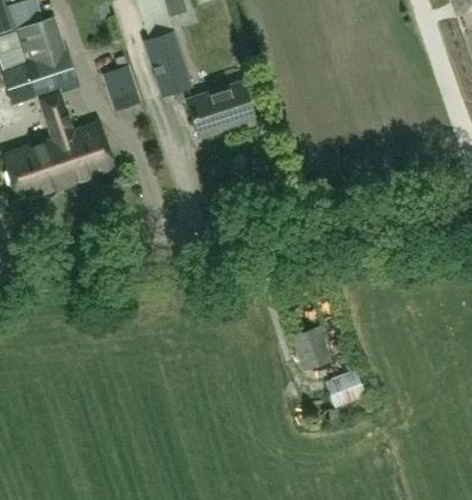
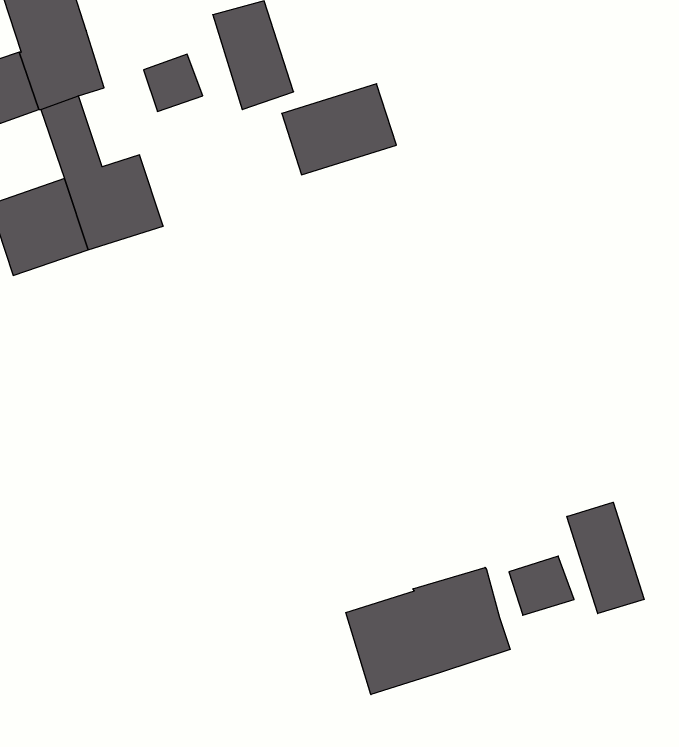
building: [290,327,329,369] -> none
building: none -> [567,502,644,614]
building: none -> [346,567,510,695]

